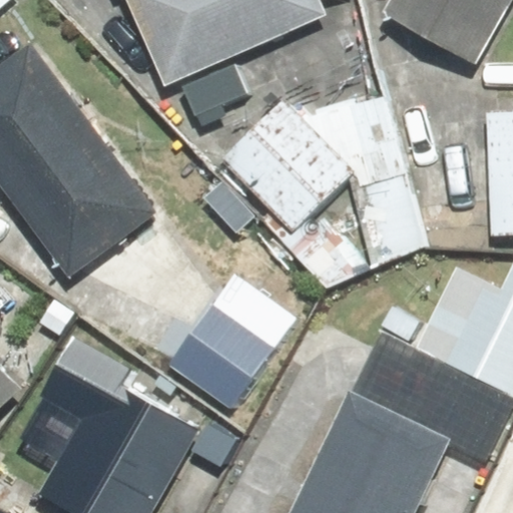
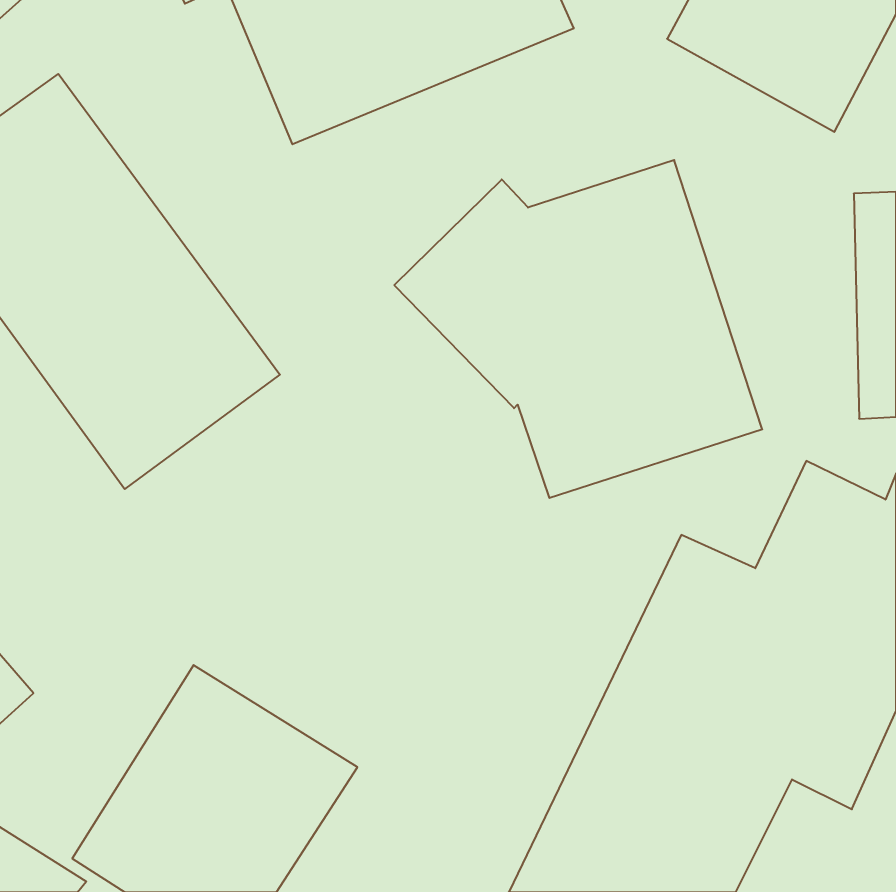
building: [165,299,278,412] -> none

